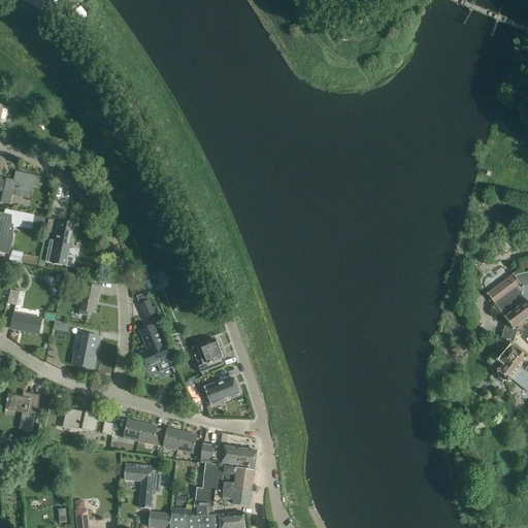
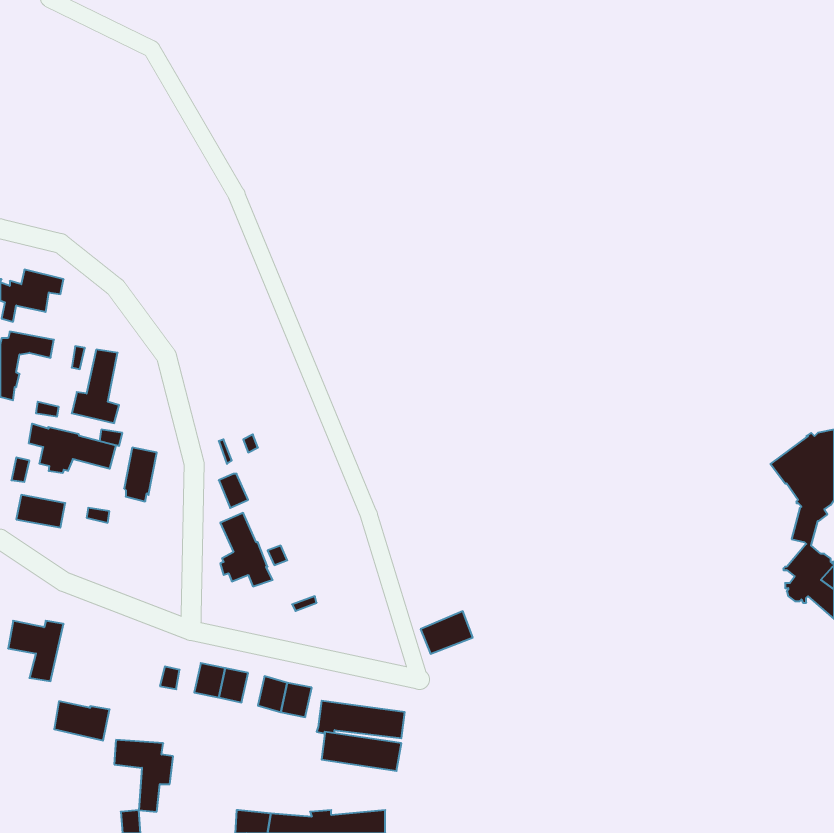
building: none -> [29,424,116,473]
building: [71,333,100,368] -> none
building: [196,339,223,372] -> none
building: [206,376,239,403] -> [421,611,473,654]
building: [63,406,98,431] -> [54,701,110,741]
building: [124,463,161,508] -> [114,740,173,812]
building: [195,480,251,513] -> none

